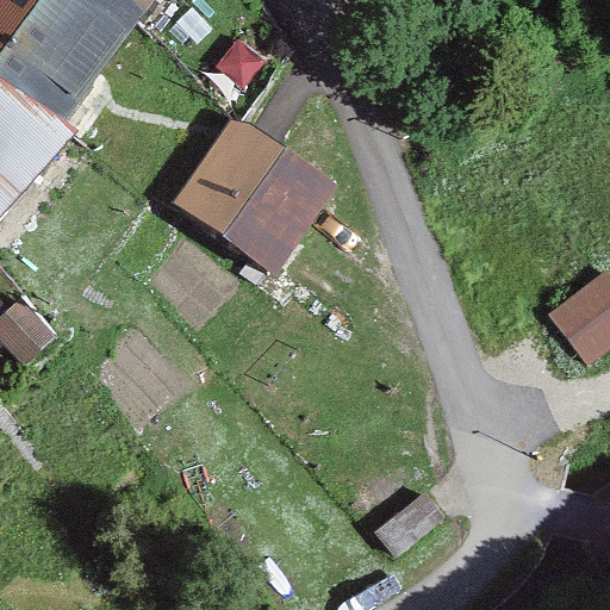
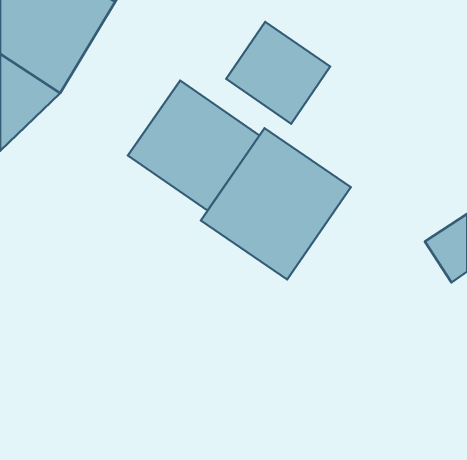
building: none -> [226,22,330,124]
building: none -> [201,128,351,279]

